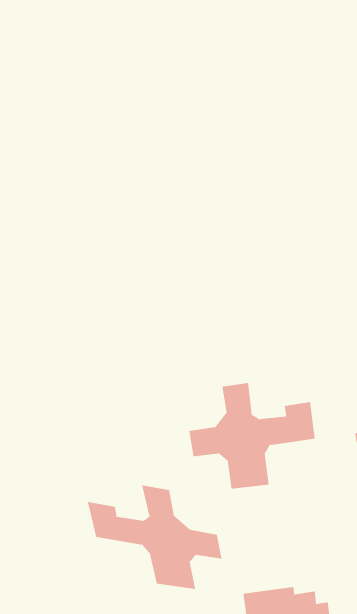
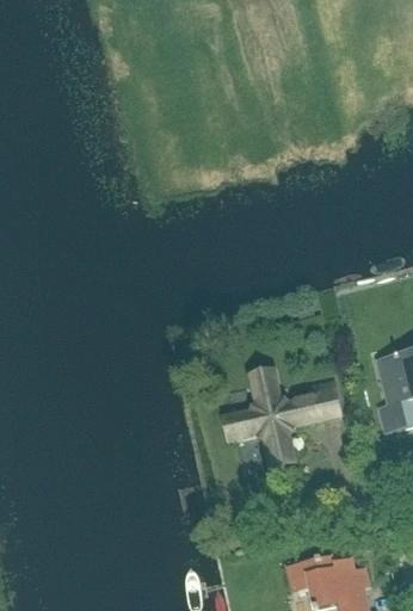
building: [87,485,222,590] -> none

